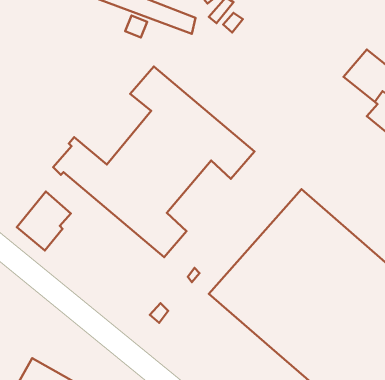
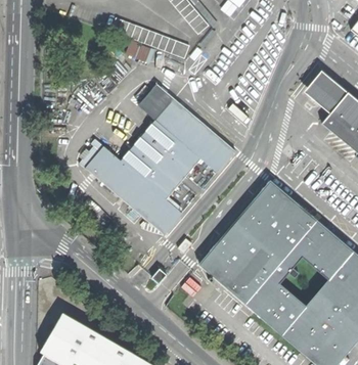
building: [17,192,71,251] -> none

